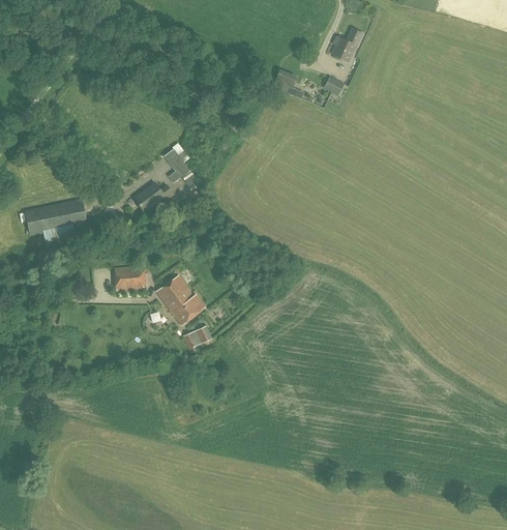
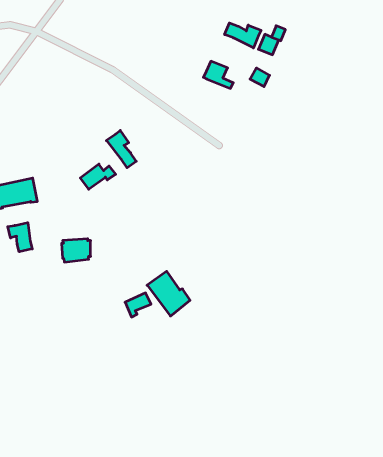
building: none -> [225,23,261,48]
building: none -> [8,223,32,252]
building: [155,274,203,324] -> [147,271,190,316]

